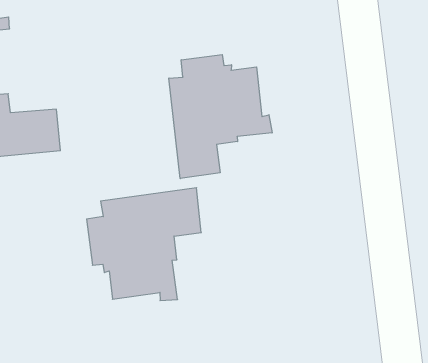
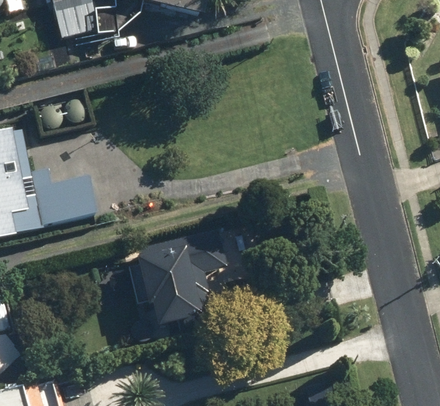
building: [169,55,272,179] -> none

